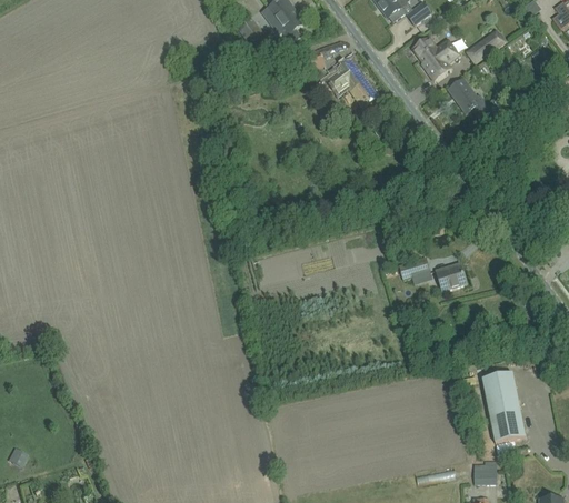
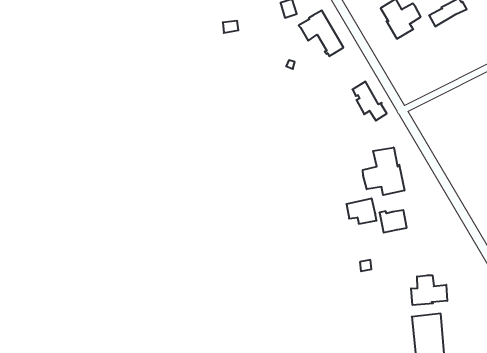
building: [449,78,489,119] -> [352,82,387,121]
building: none -> [363,147,404,195]
building: none -> [411,275,447,305]

